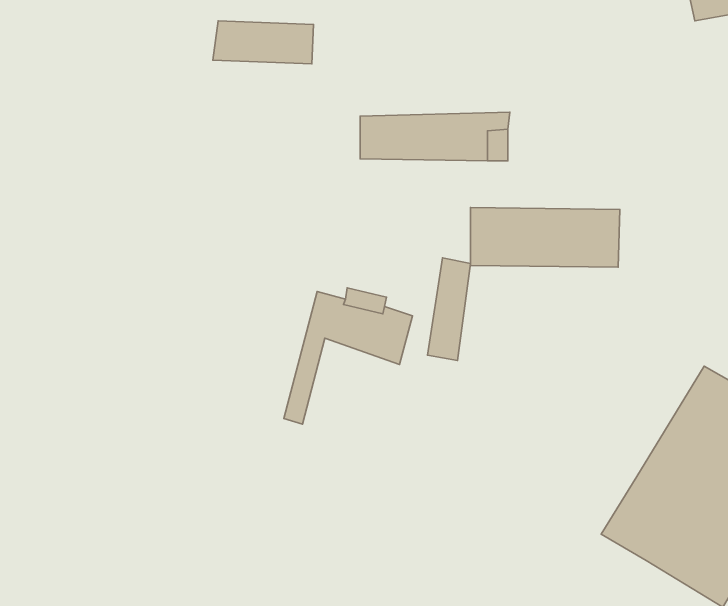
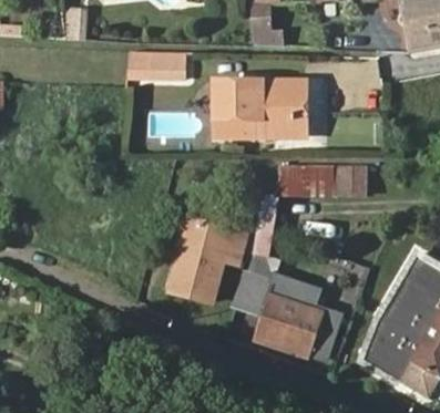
building: none -> [215,82,304,109]
building: none -> [181,240,238,300]
building: none -> [235,268,339,360]

